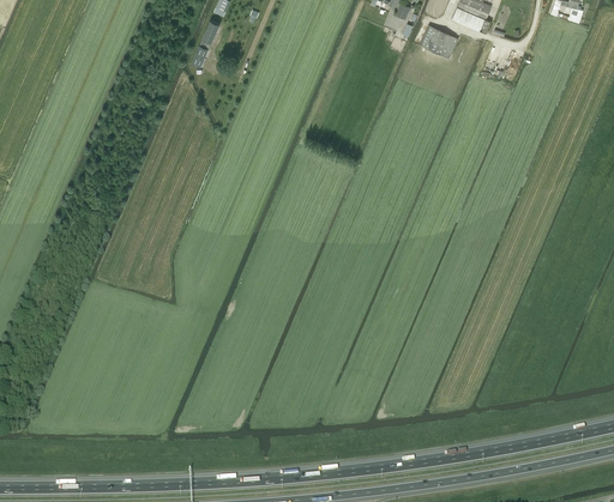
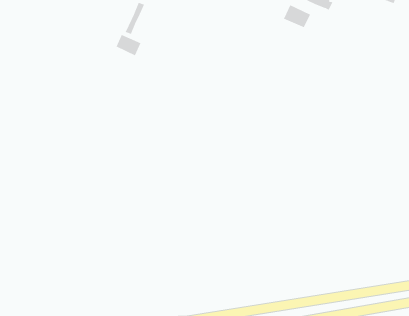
building: none -> [116,34,141,56]

